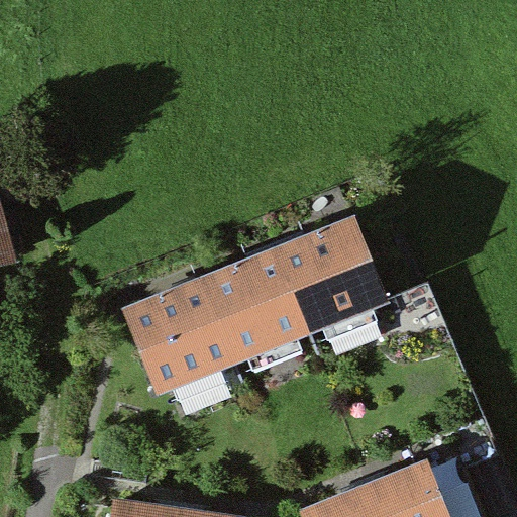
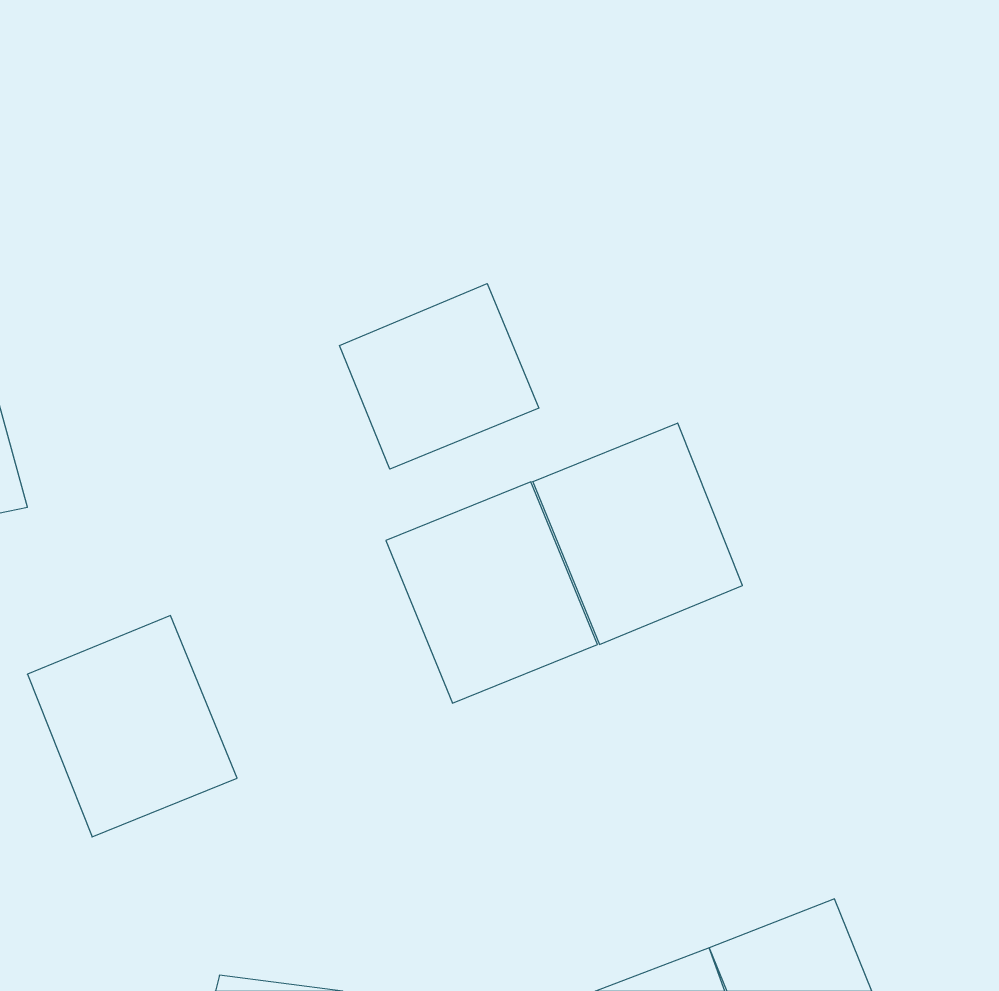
building: none -> [340,284,539,469]
building: [124,280,232,394] -> [27,616,237,837]

